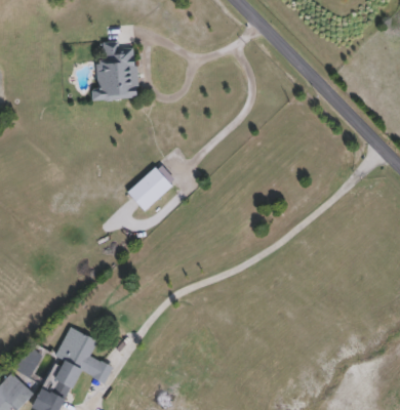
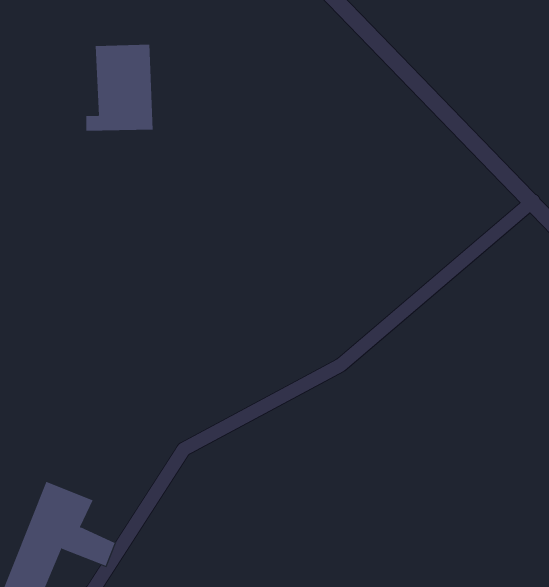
building: [127,166,171,210] -> none

